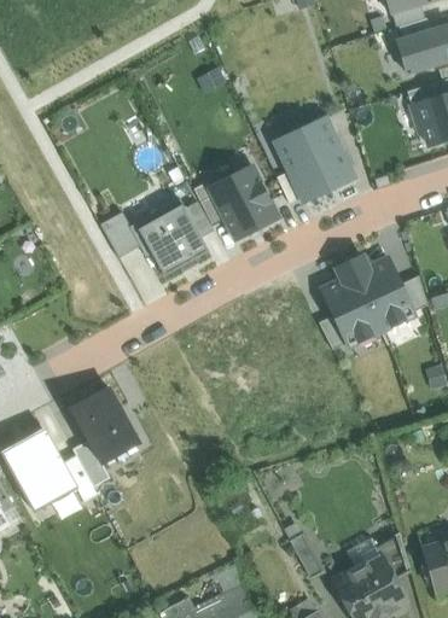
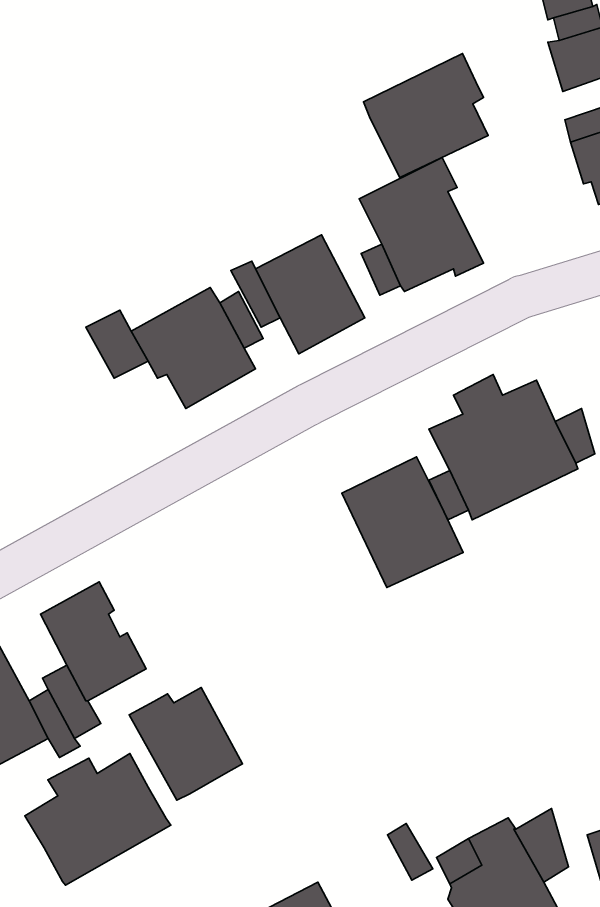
building: none -> [363,54,488,177]
building: none -> [342,457,463,588]
building: none -> [129,688,243,800]
building: none -> [25,754,171,885]

